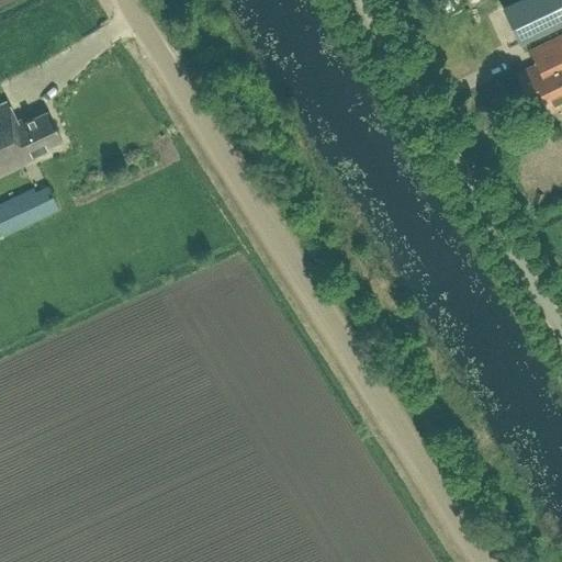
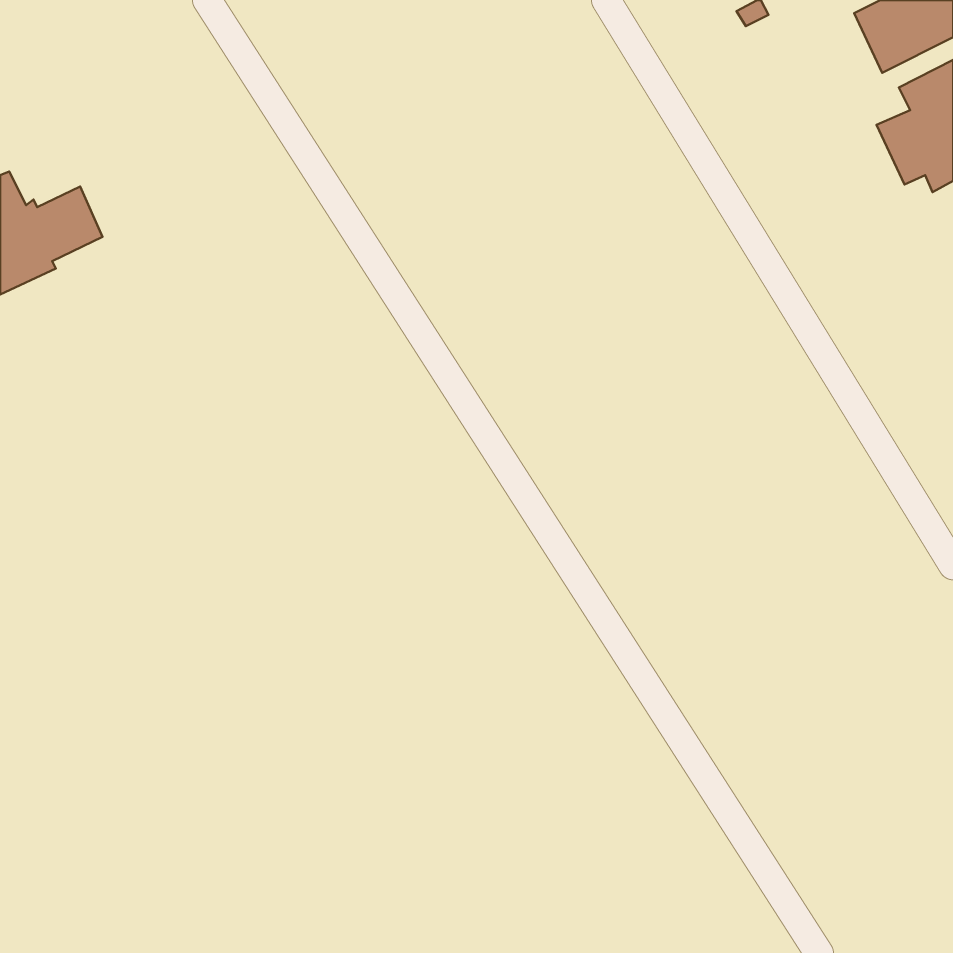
building: [8,187,58,227] -> none

